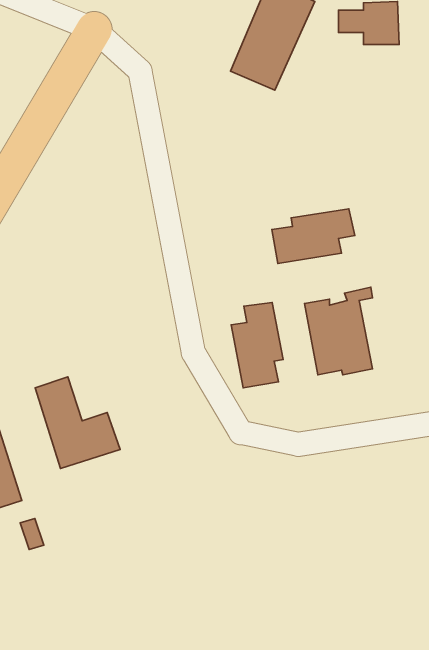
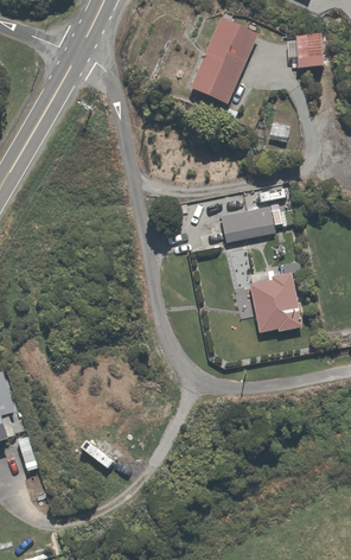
building: [231,303,283,388] -> none
building: [35,377,120,469] -> none

